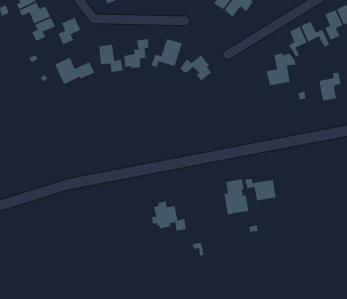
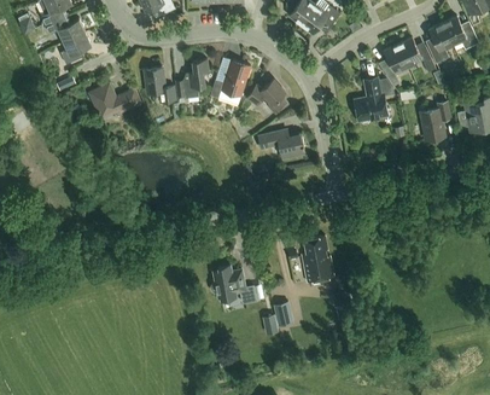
building: [57,17,81,45] -> none
building: none -> [257,129,303,157]
building: [244,178,277,201] -> none

